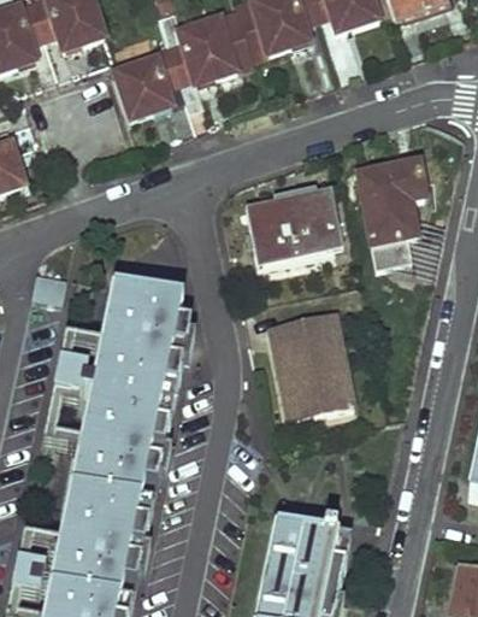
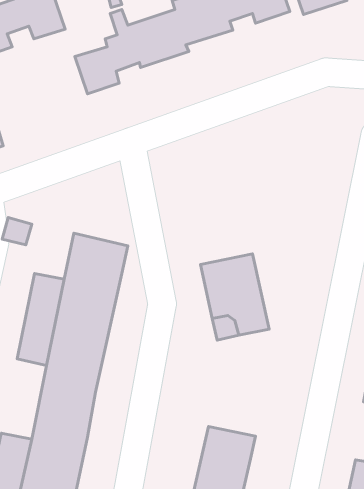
building: [358,161,426,269] -> none
building: [249,189,337,264] -> none

